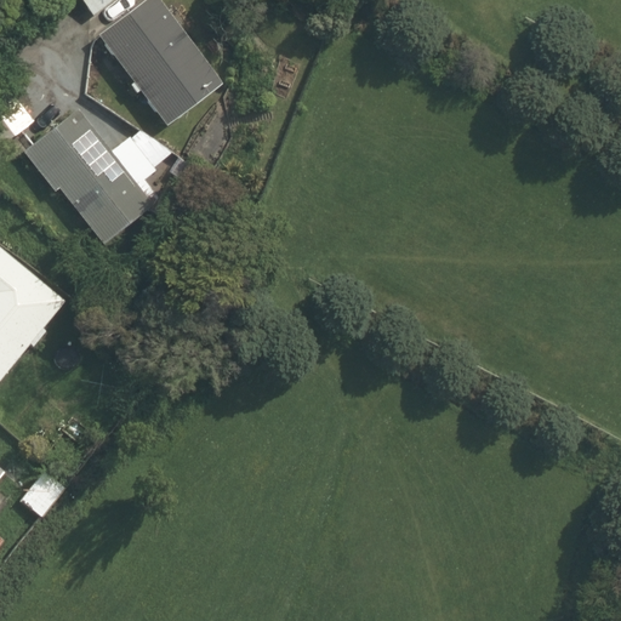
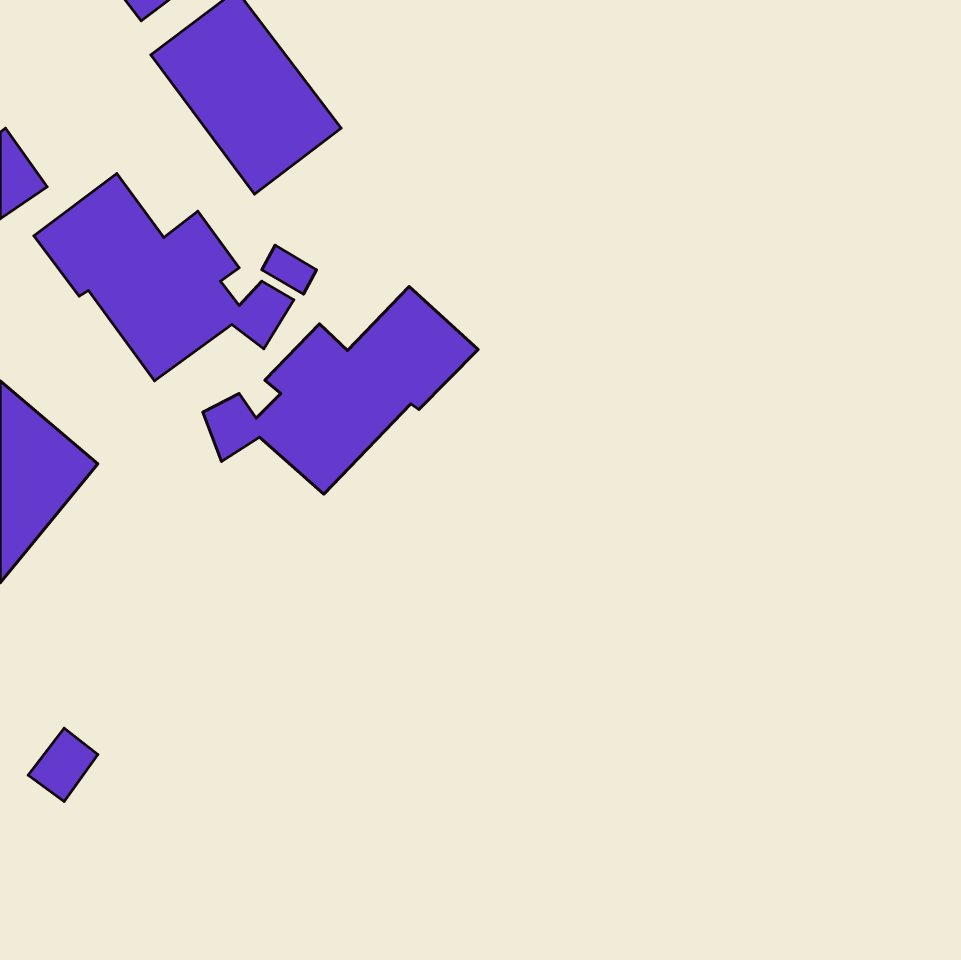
building: none -> [203,287,478,494]

